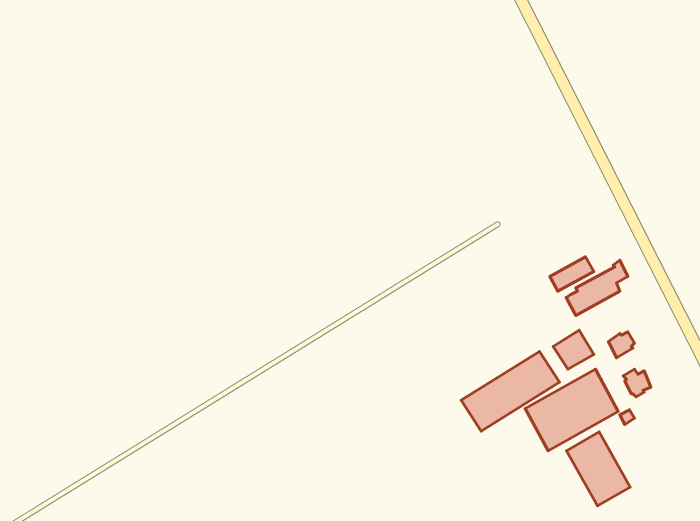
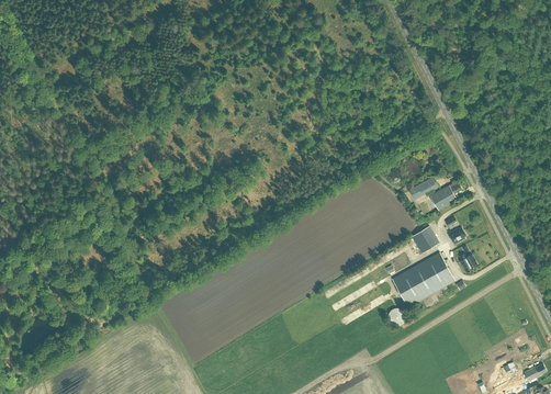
building: [461,351,560,431] -> none
building: [567,432,630,506] -> none

